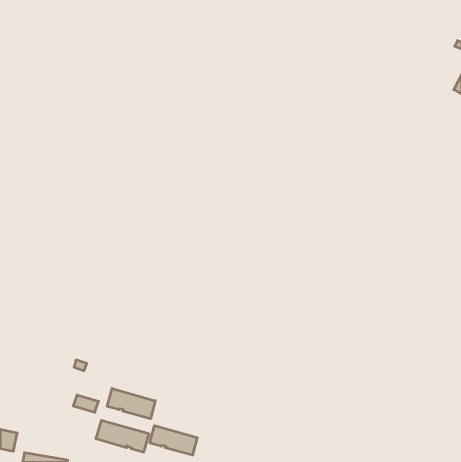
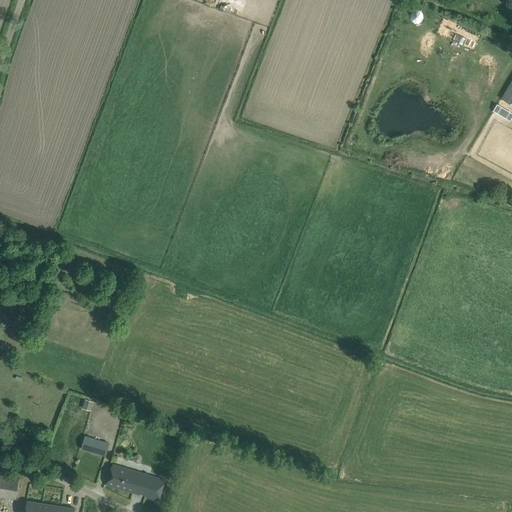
building: [107,388,155,419] -> none
building: [150,426,197,455] -> none

